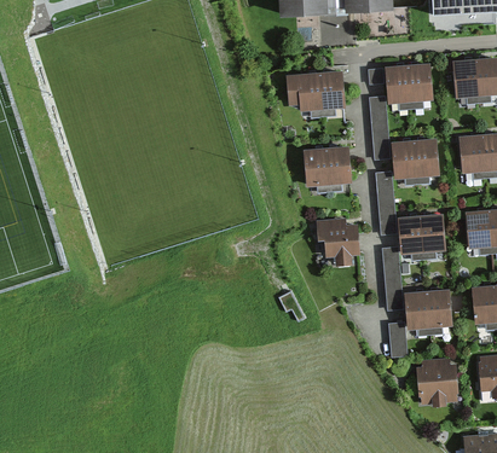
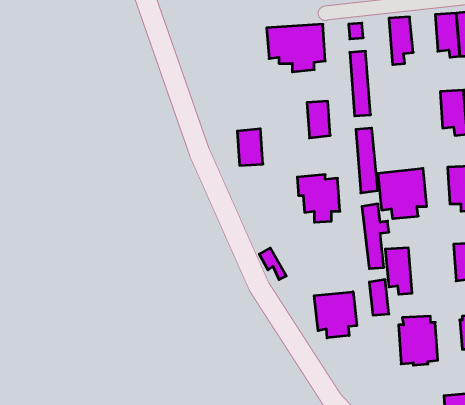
building: [385,63,411,110] -> none
building: [391,137,440,185] -> none
building: [304,146,329,182] -> [237,129,263,165]
building: [427,288,451,335] -> none
building: none -> [314,292,357,338]

